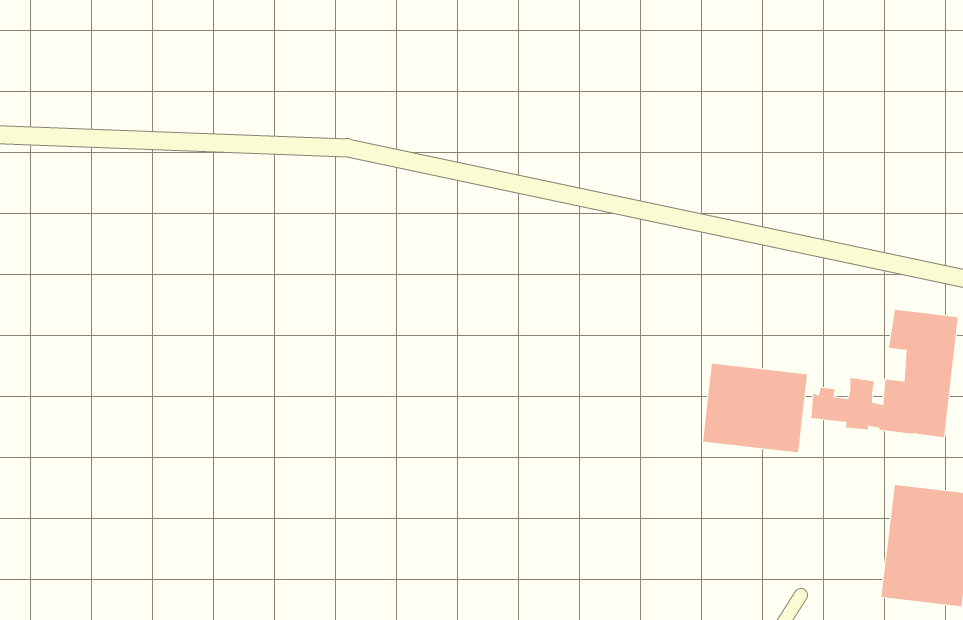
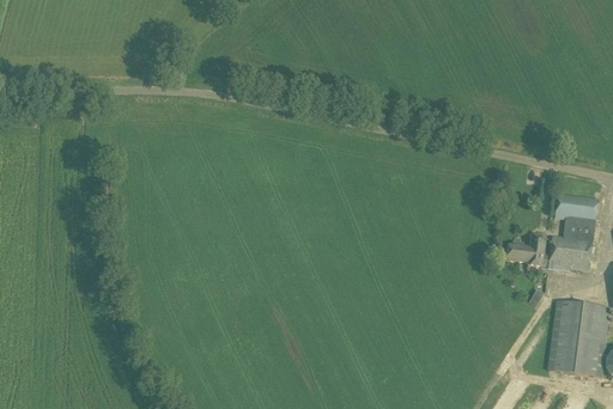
building: [702,363,808,453] -> none

